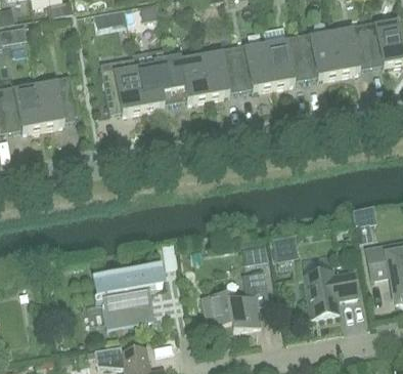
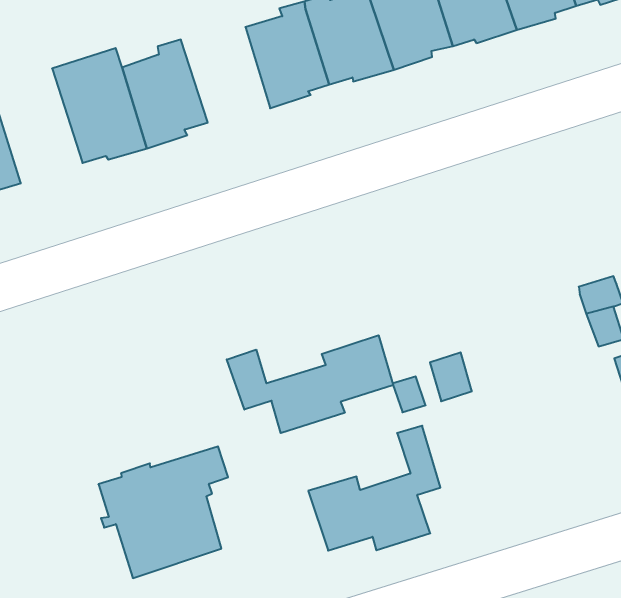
building: [167,54,208,101] -> none
building: none -> [227,335,393,433]
building: [303,268,357,316] -> none

